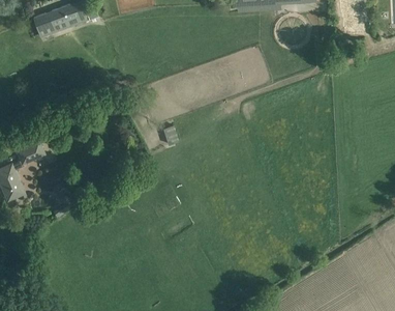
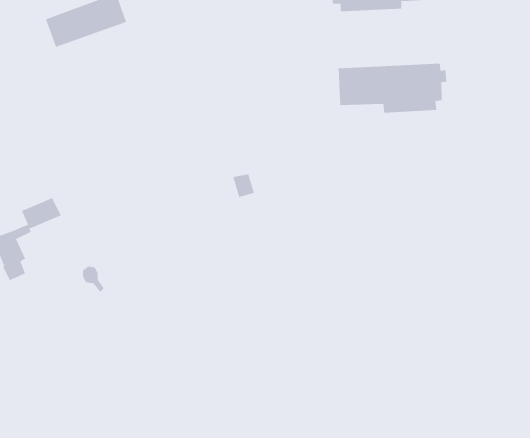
building: none -> [338,63,447,113]

